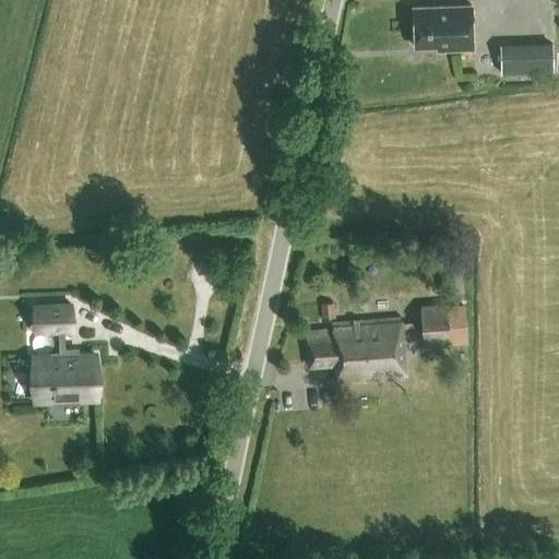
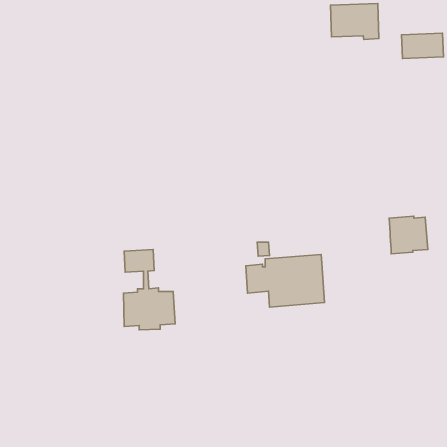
building: [419,301,467,348] -> [389,216,428,254]
building: [35,304,99,404] -> [123,249,175,330]

